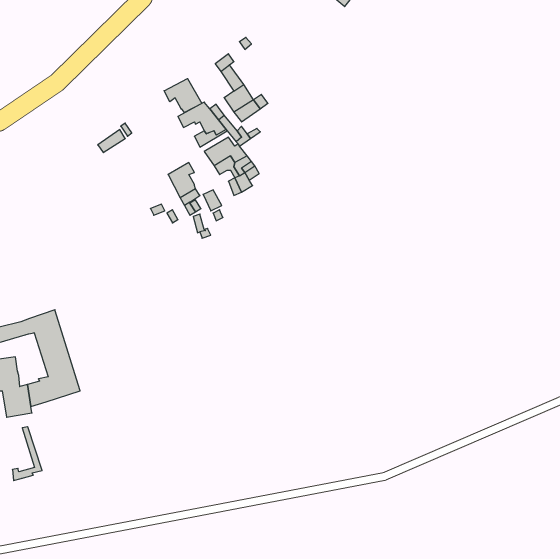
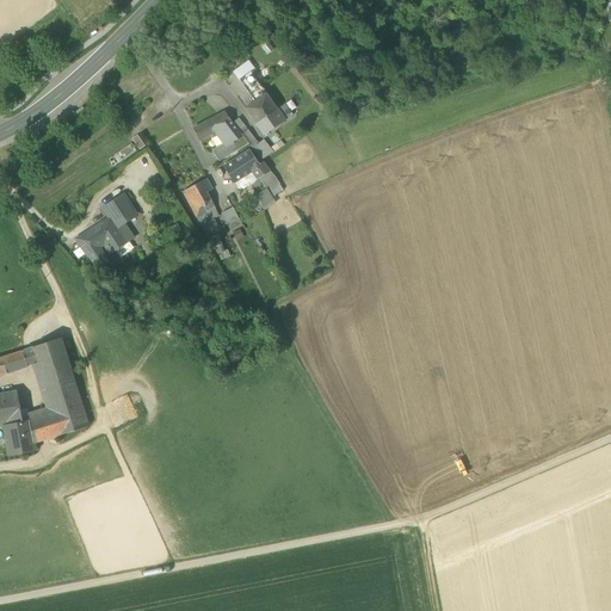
building: [164,79,202,113] -> none
building: none -> [75,193,135,267]
building: [12,427,42,481] -> [20,362,53,420]

